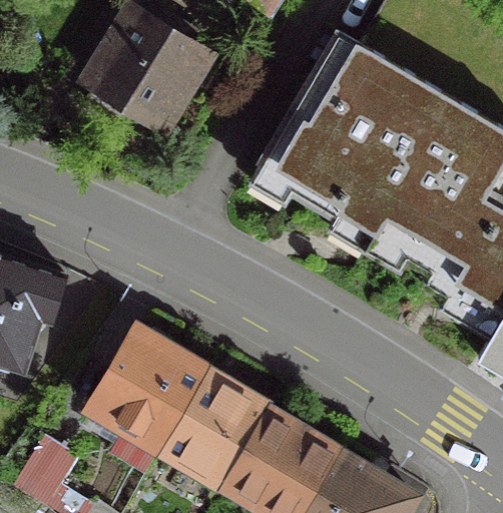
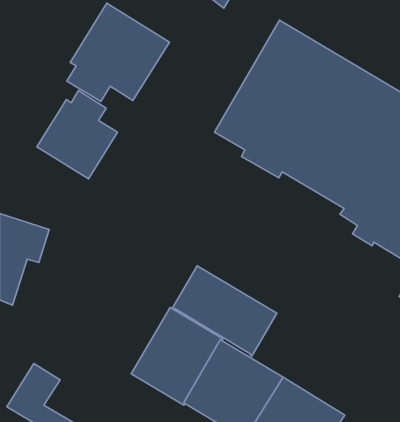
building: none -> [37,91,117,179]
building: none -> [172,266,277,356]
building: [93,329,208,448] -> none

